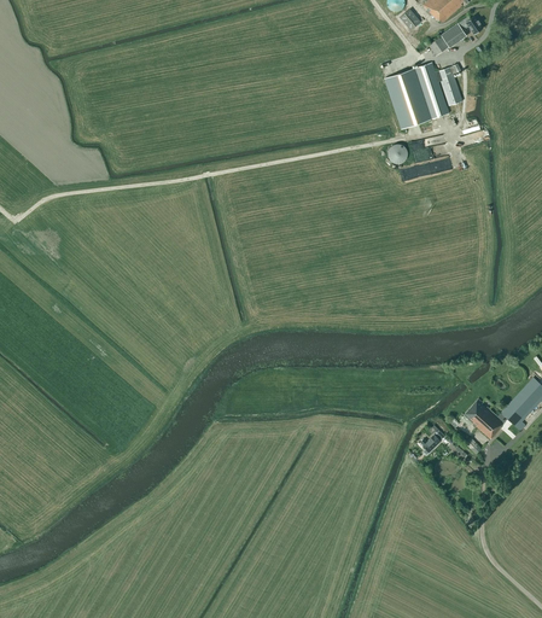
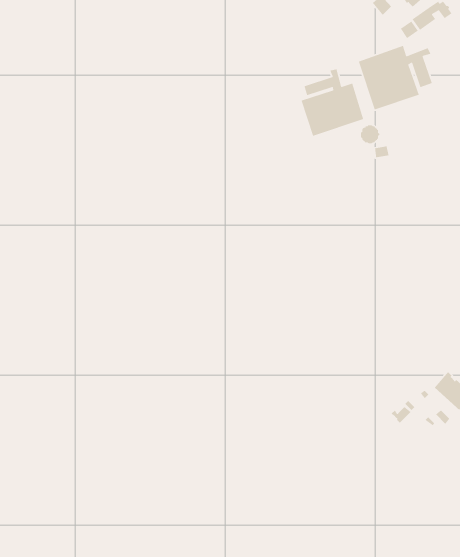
building: none -> [300,69,364,137]

